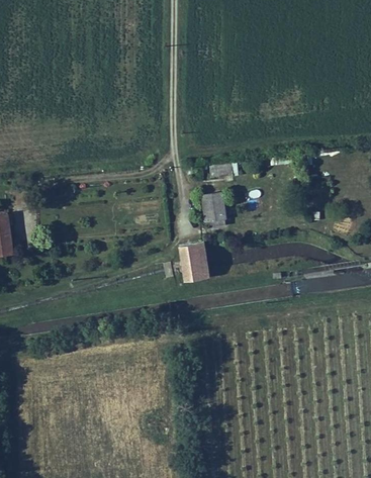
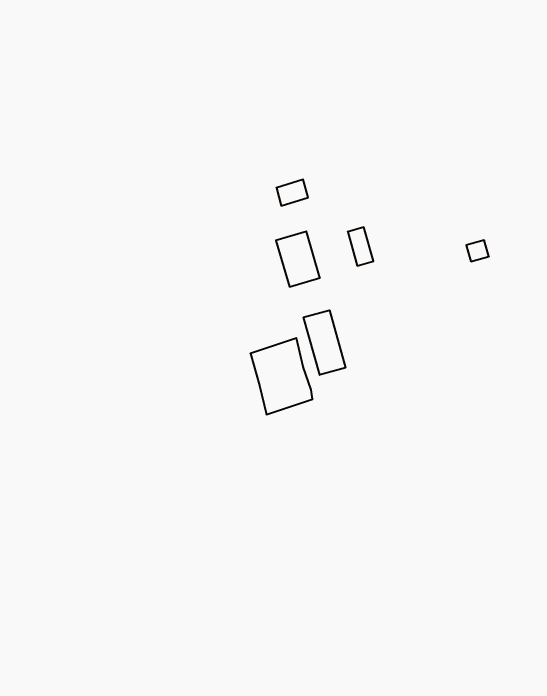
building: none -> [304,310,345,375]

